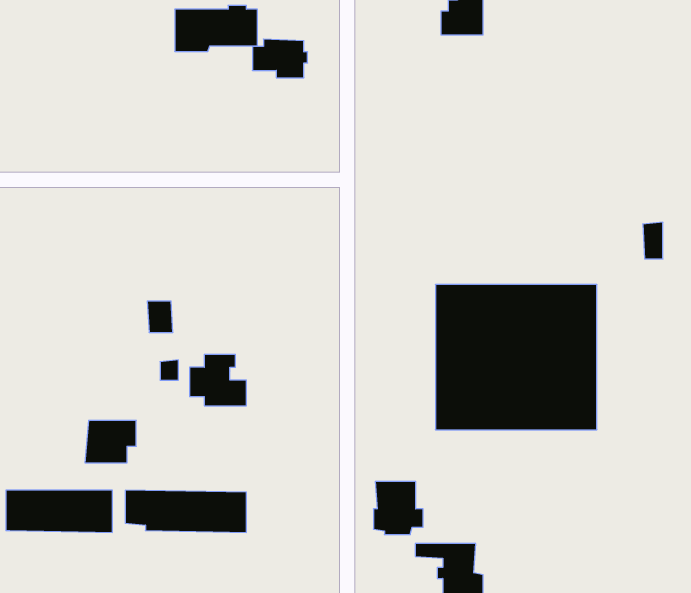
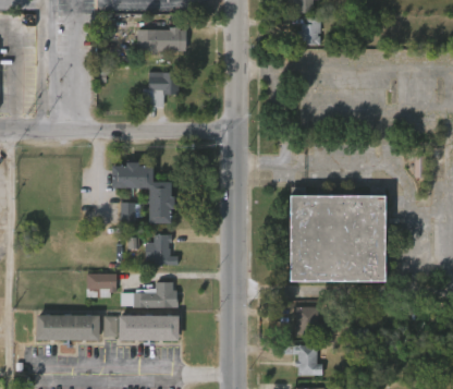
building: [252,39,308,78] -> [148,71,181,94]
building: none -> [112,161,175,222]
building: none -> [119,282,175,308]
building: [373,481,423,535] -> [291,307,320,339]

